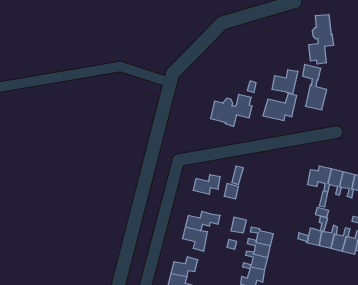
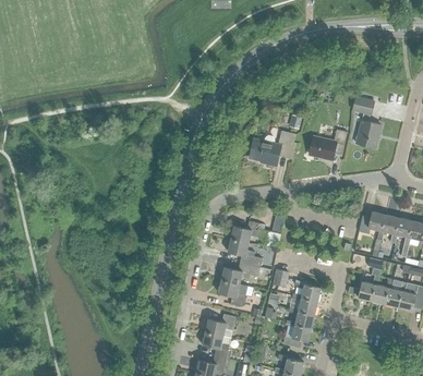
building: [309,14,334,64] -> none
building: [272,70,298,94] -> none
building: none -> [228,238,262,266]

